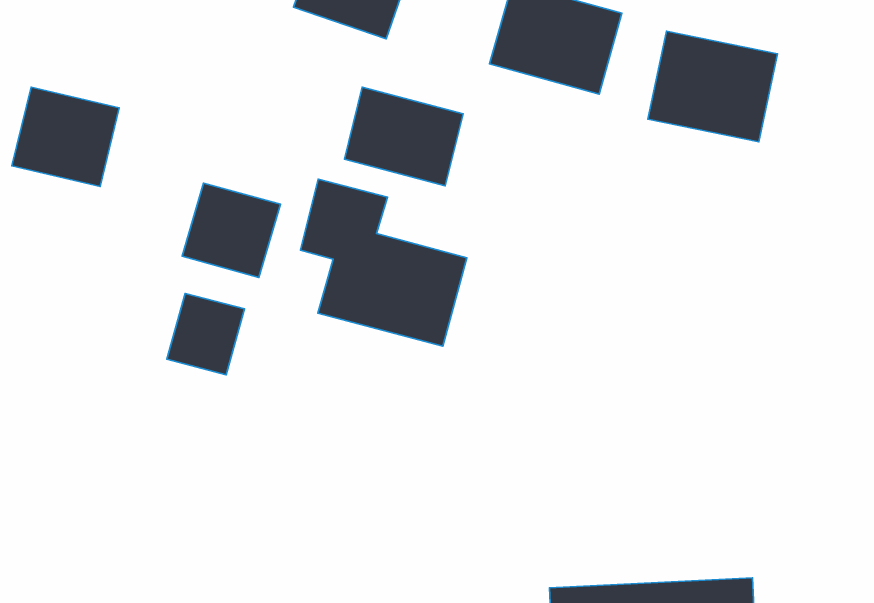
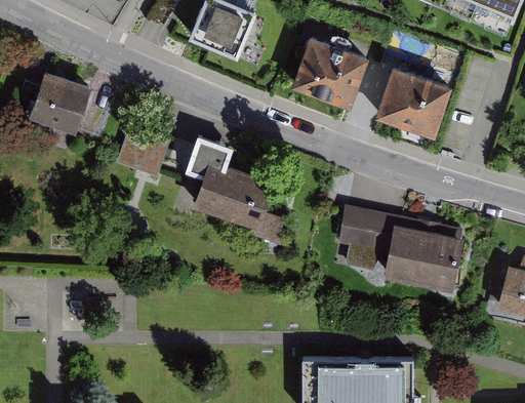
building: [344,87,463,186] -> none
building: [167,293,244,375] -> none
building: none -> [336,217,466,292]

